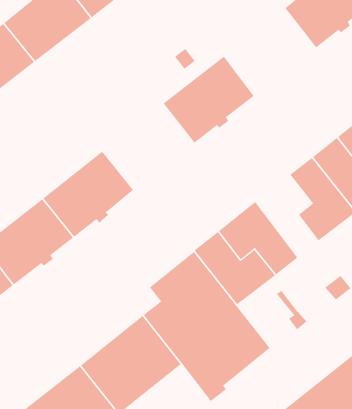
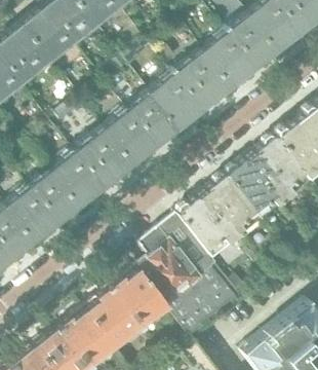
building: none -> [203,14,278,86]
building: none -> [104,92,178,163]
building: none -> [229,151,280,219]

